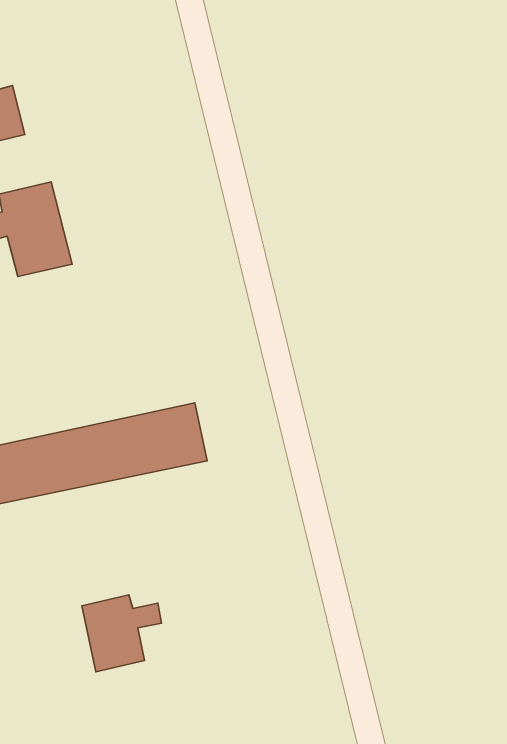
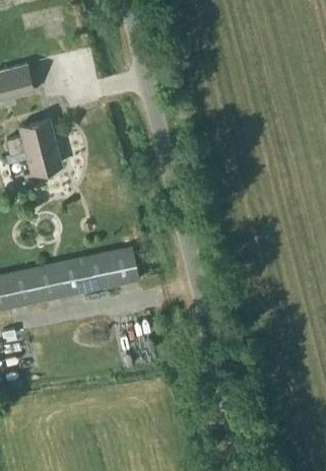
building: [82,595,162,672] -> none

